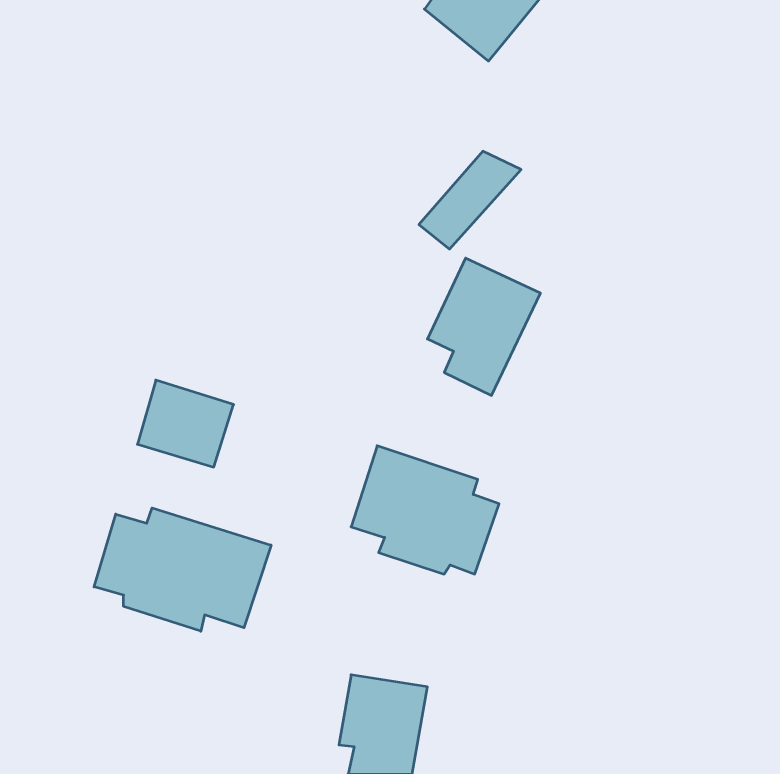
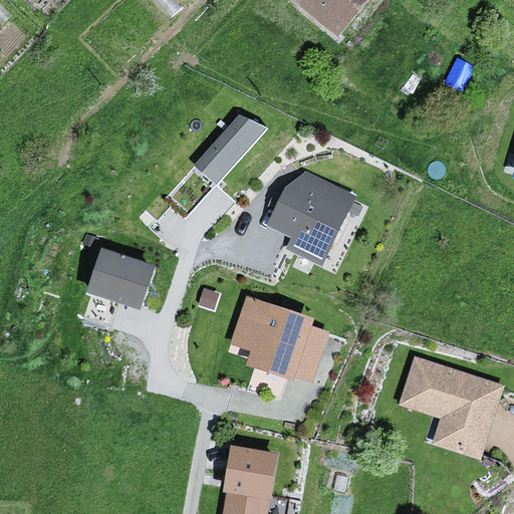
building: [419,151,521,249] -> [197,115,264,180]
building: [94,508,271,631] -> none
building: none -> [391,357,496,463]

